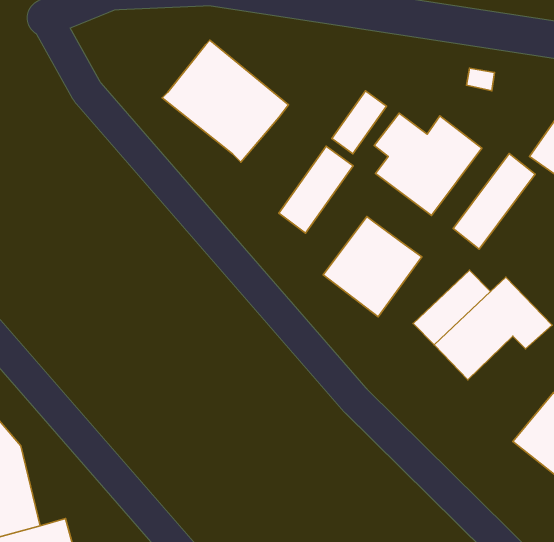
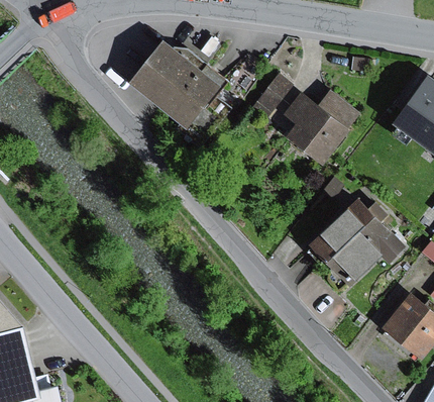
building: [279,146,353,233] -> none
building: [453,154,535,249] -> none
building: [323,216,422,317] -> none

